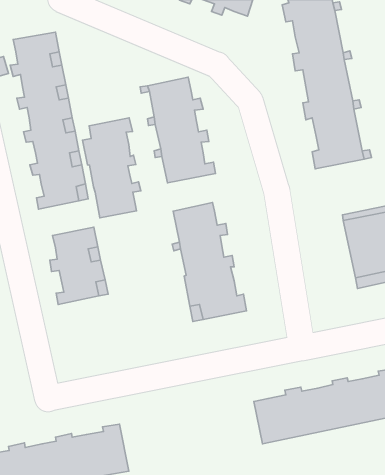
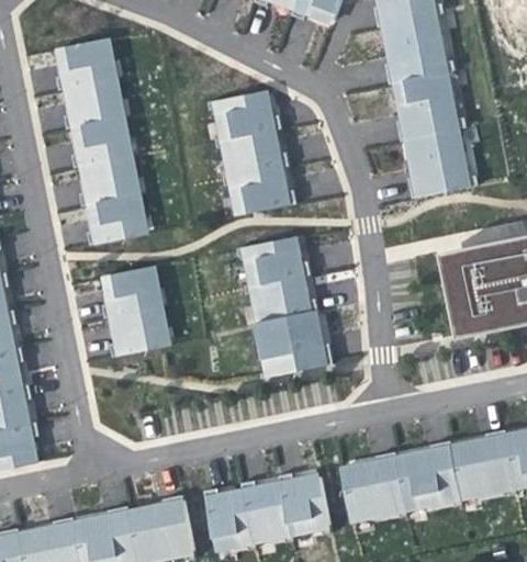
building: [82,118,141,218] -> none
building: none -> [205,473,330,547]

